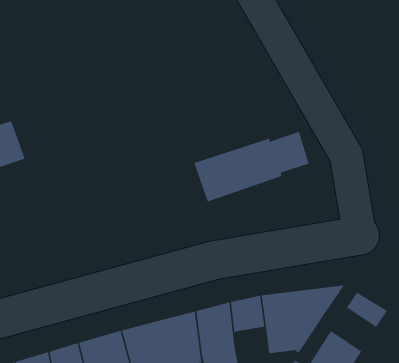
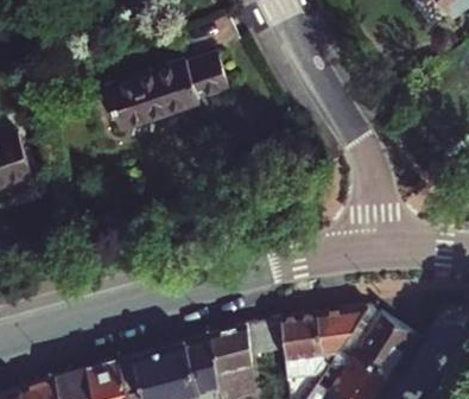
building: [194,131,310,202] -> [104,56,227,131]
building: none -> [351,323,401,378]

